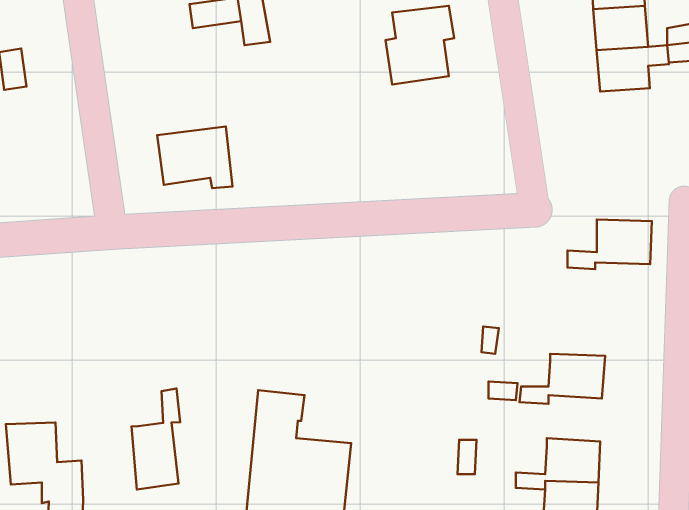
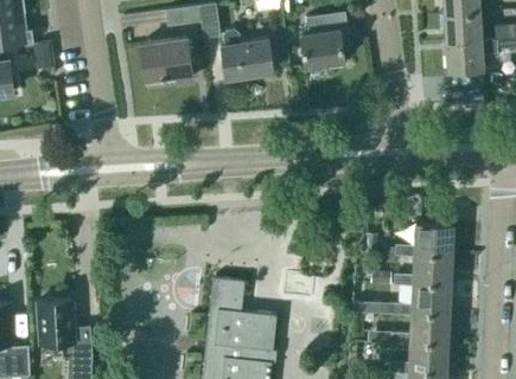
building: none -> [221,31,272,79]
building: [157,127,233,188] -> [140,39,192,82]
building: [568,219,652,269] -> [395,224,453,258]
building: [131,389,180,490] -> none
building: none -> [391,282,450,317]

